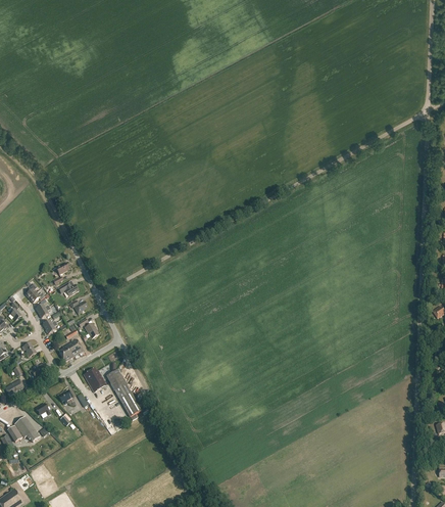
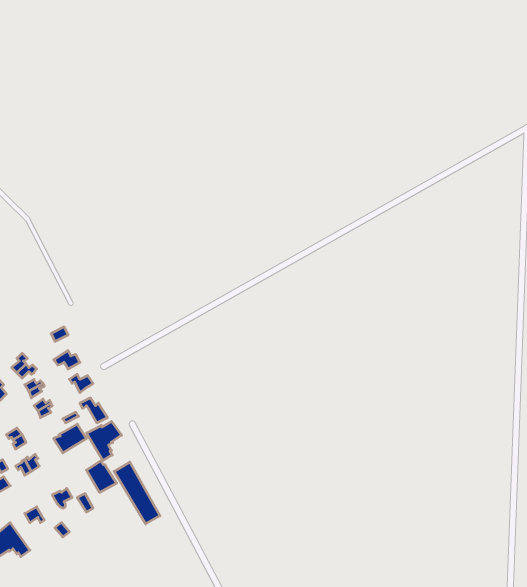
building: none -> [87,421,122,461]

